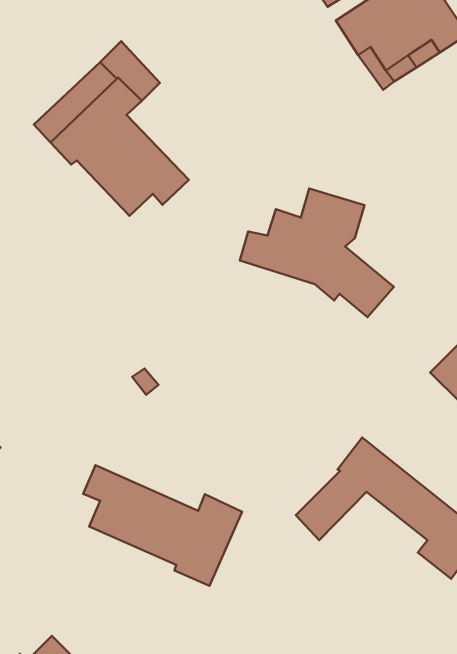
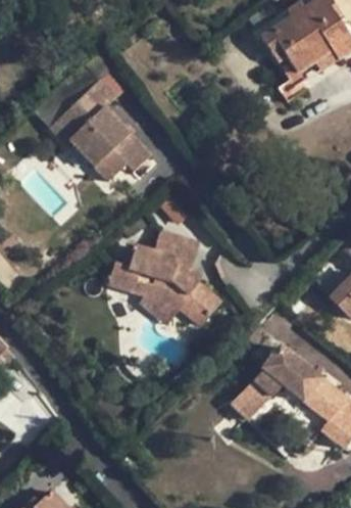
building: [240,188,394,317] -> [108,229,221,324]
building: [83,465,242,586] -> none

